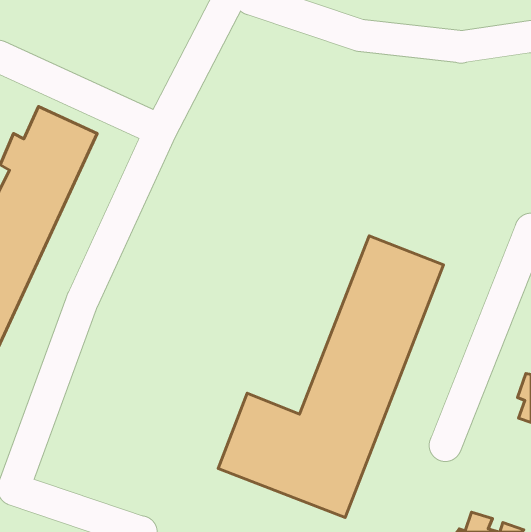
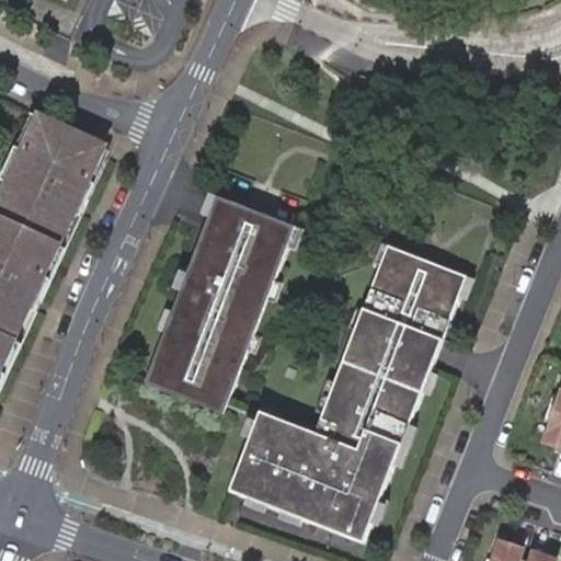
building: none -> [147,197,295,405]

